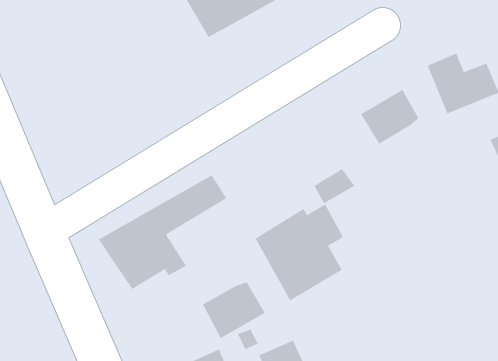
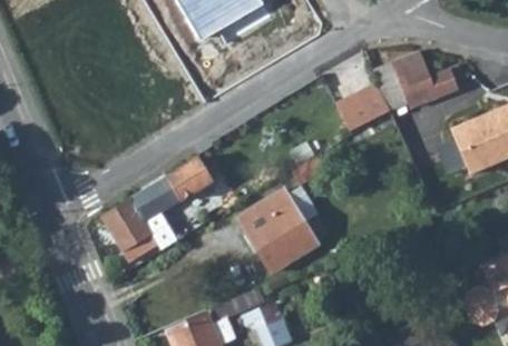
building: [202,282,266,339] -> none

